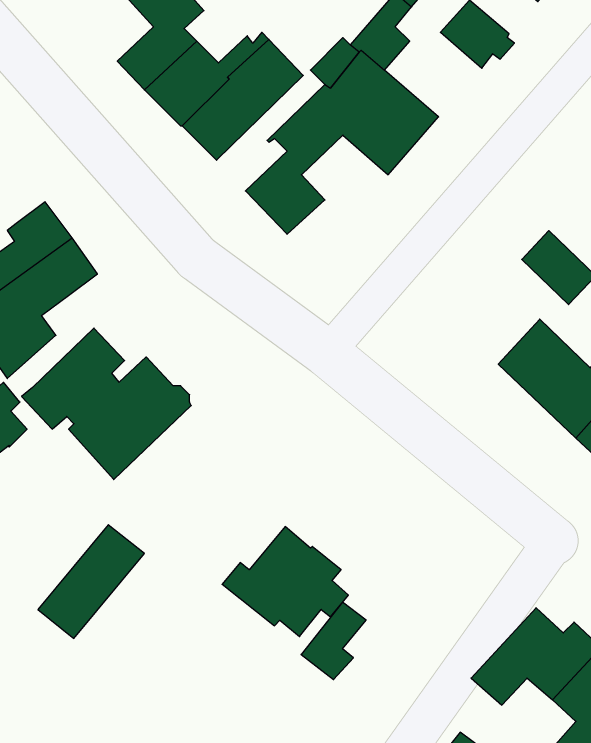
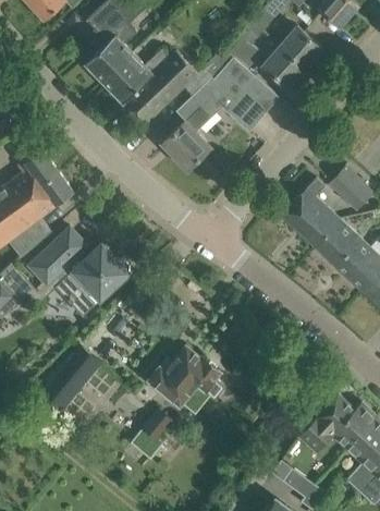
building: none -> [262,47,305,88]
building: none -> [281,179,340,247]
building: [301,602,366,680] -> [133,410,172,457]

